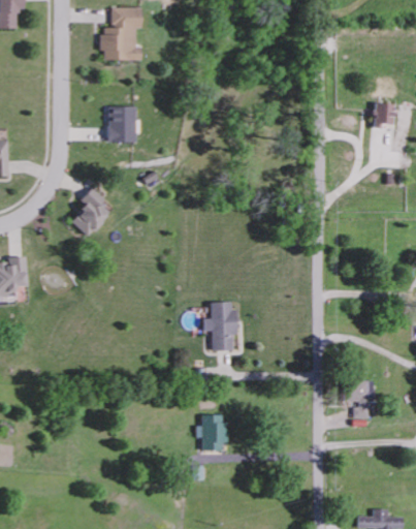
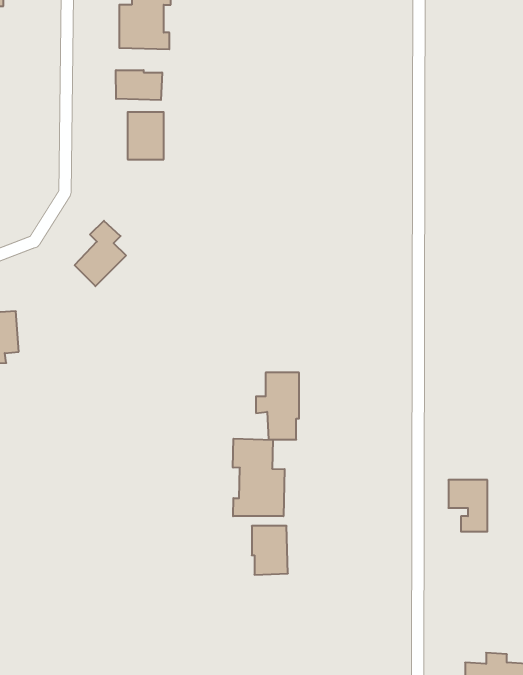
building: none -> [116,70,162,100]
building: [373,103,394,127] -> none
building: none -> [233,439,285,516]

